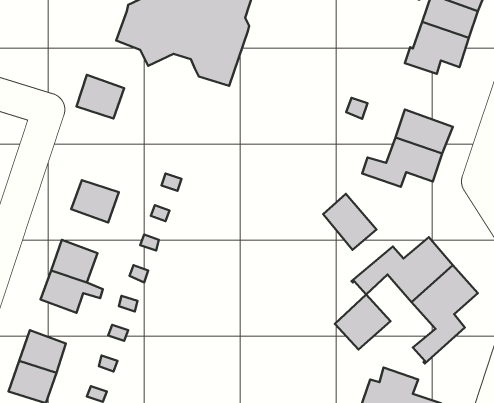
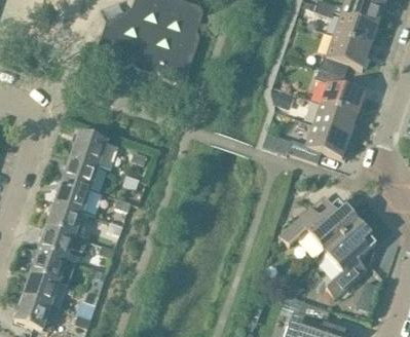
building: none -> [315,66,364,115]
building: [76,75,124,119] -> [70,132,107,165]
building: [323,194,377,250] -> none
building: none -> [54,179,90,213]
building: [335,294,391,349] -> none
building: none -> [30,249,66,283]

